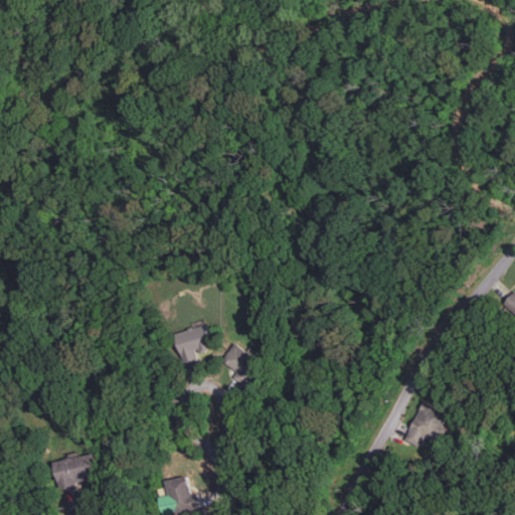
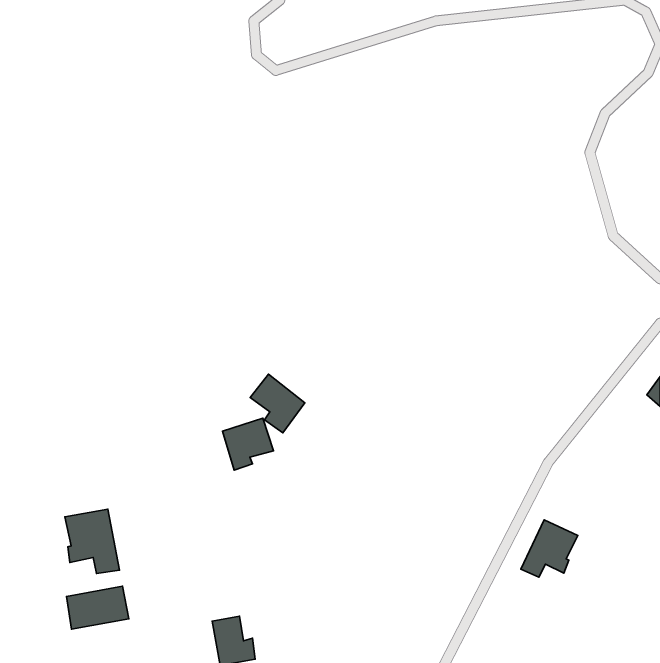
building: [219,344,262,389] -> [250,374,305,433]
building: none -> [65,509,119,574]

